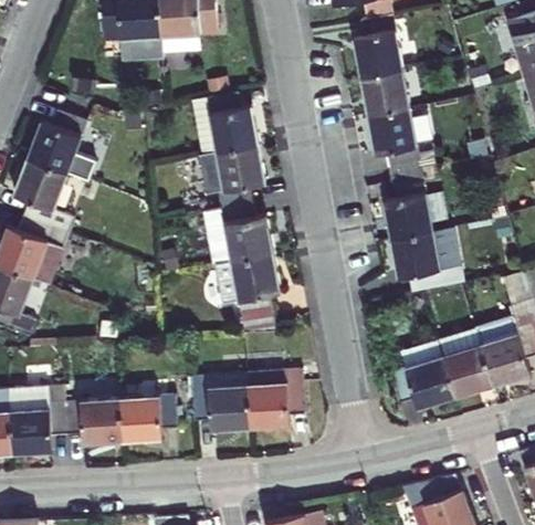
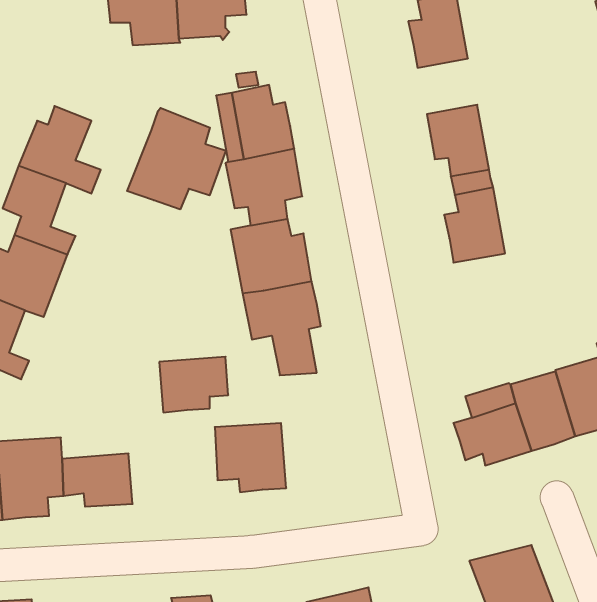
building: [360,70,410,116] -> none
building: none -> [127,108,226,209]
building: [390,228,464,292] -> none
building: [246,369,305,428] -> none
building: [119,395,177,441] -> [159,357,228,412]

